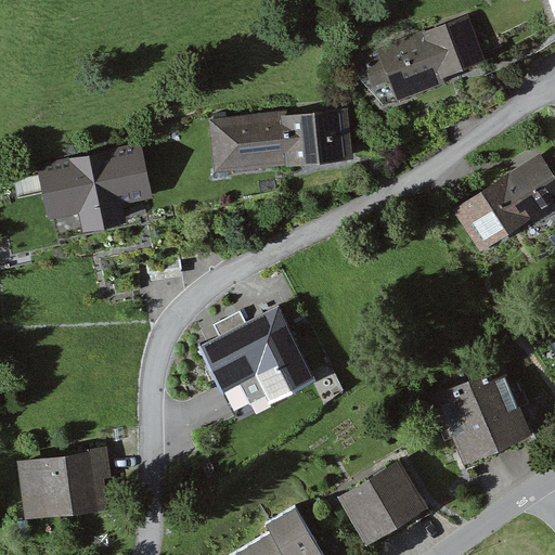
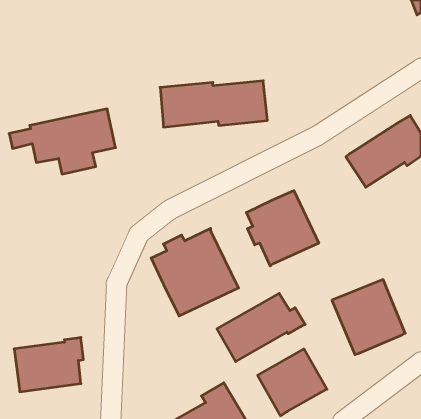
building: [363,20,480,100] -> none
building: none -> [246,191,319,266]
building: none -> [217,293,305,362]

